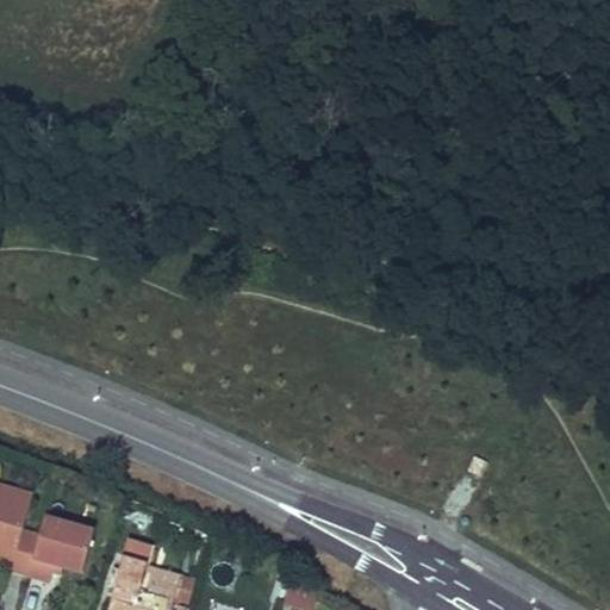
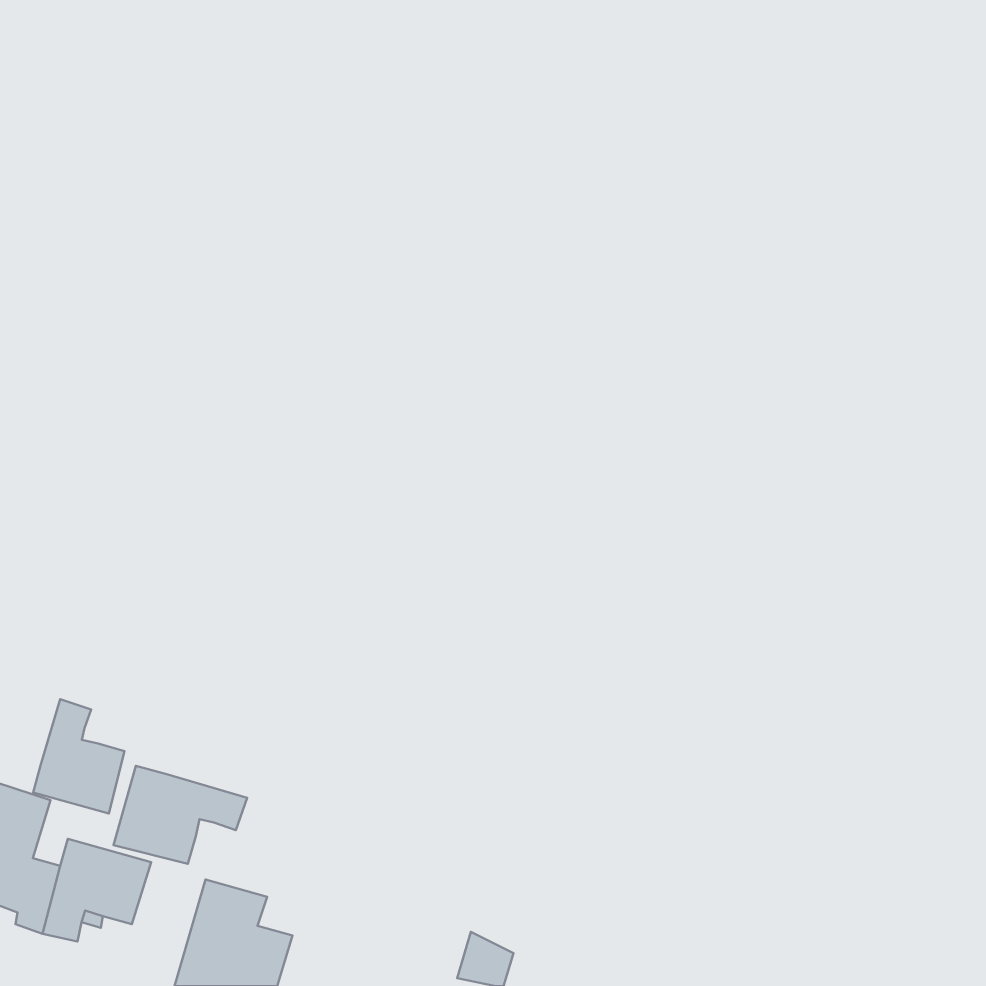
building: none -> [33,699,124,814]
building: none -> [114,766,247,864]

